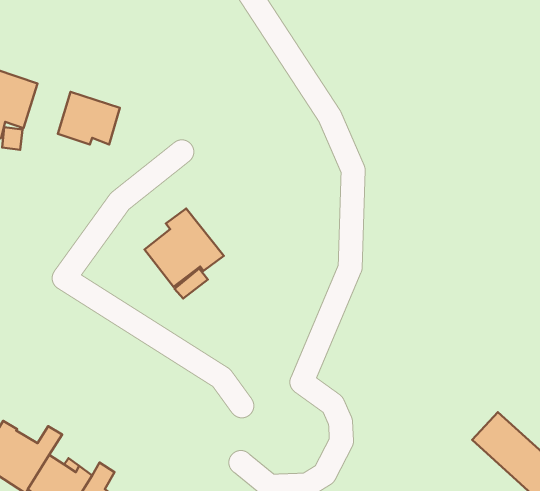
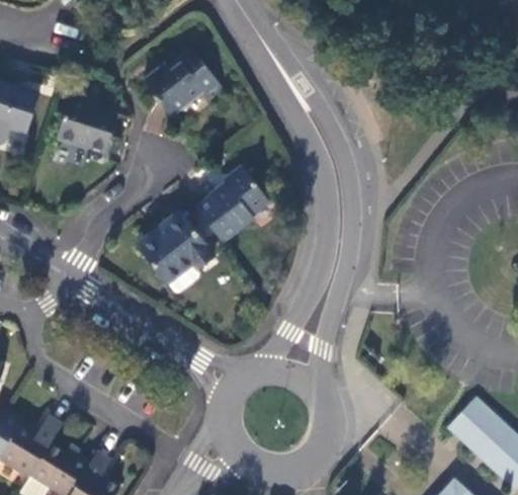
building: none -> [144,50,225,117]
building: none -> [196,167,269,242]

